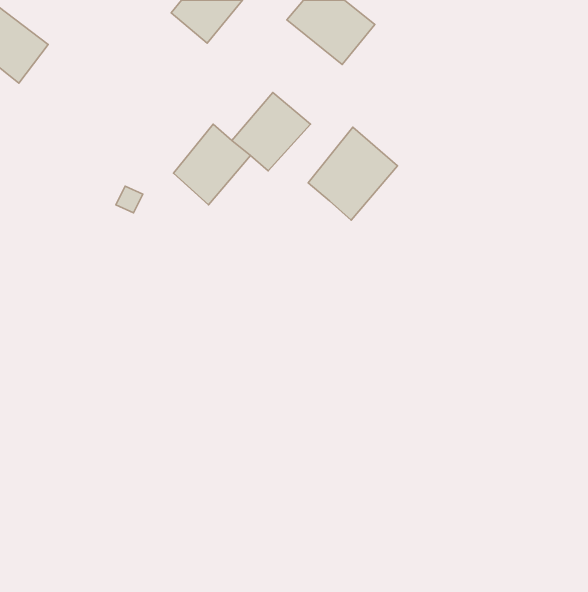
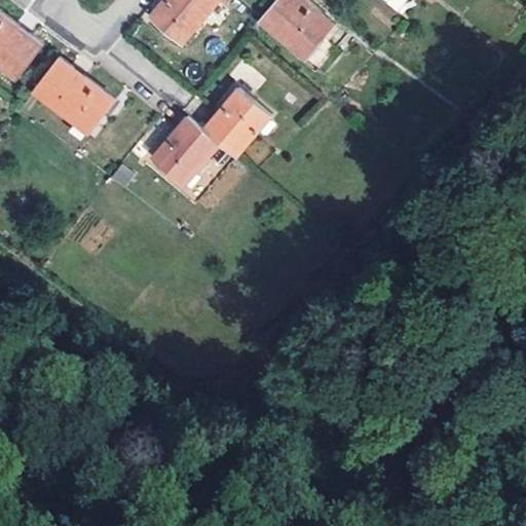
building: none -> [33,57,115,135]
building: [308,127,398,220] -> none

